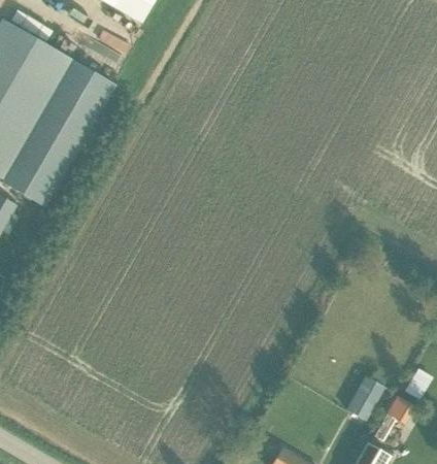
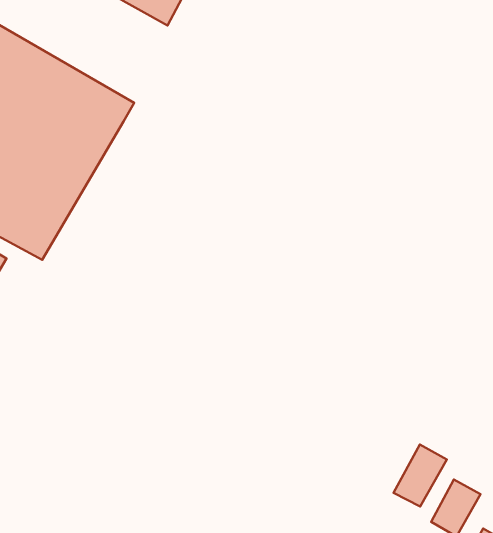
building: none -> [394,445,447,507]

